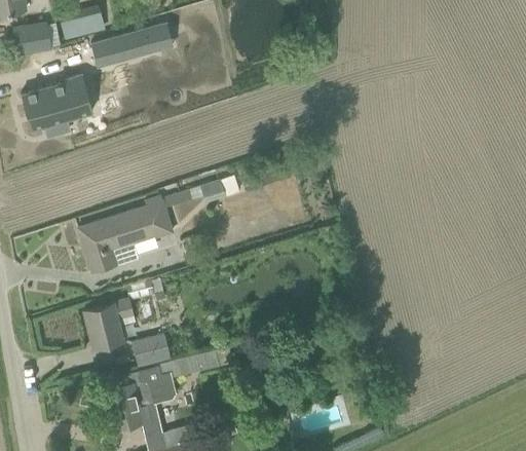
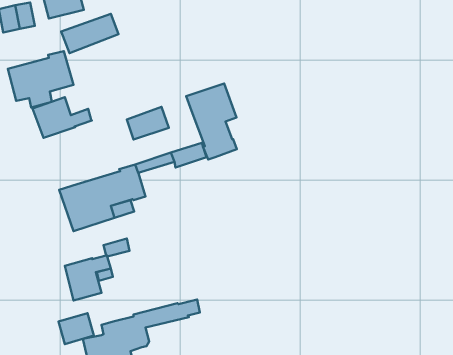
building: [134,26,164,58] -> none
building: none -> [186,83,237,159]
building: none -> [32,97,92,138]
building: none -> [127,107,169,140]
building: [130,333,170,367] -> [58,313,94,344]

